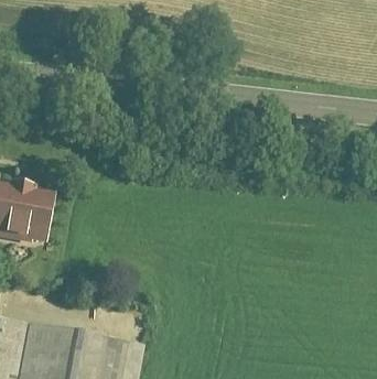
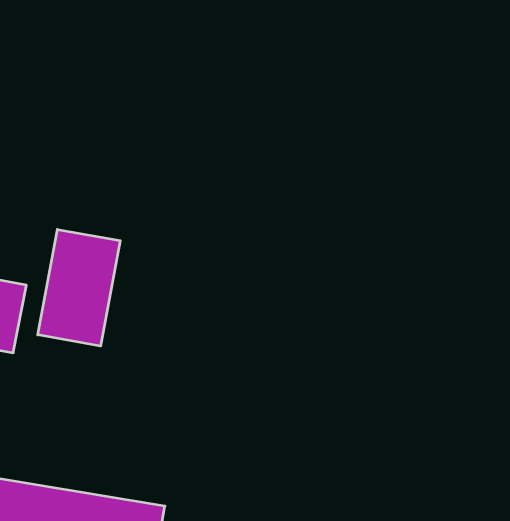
building: none -> [38,229,120,346]

